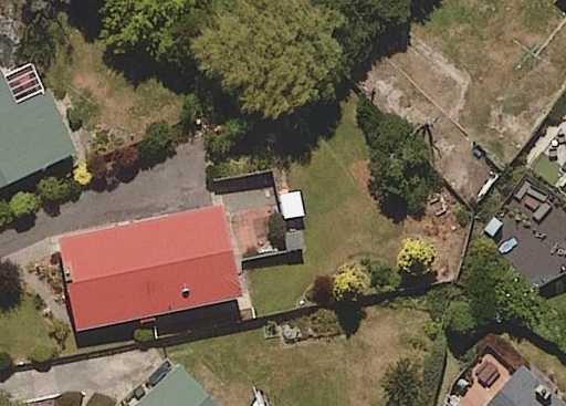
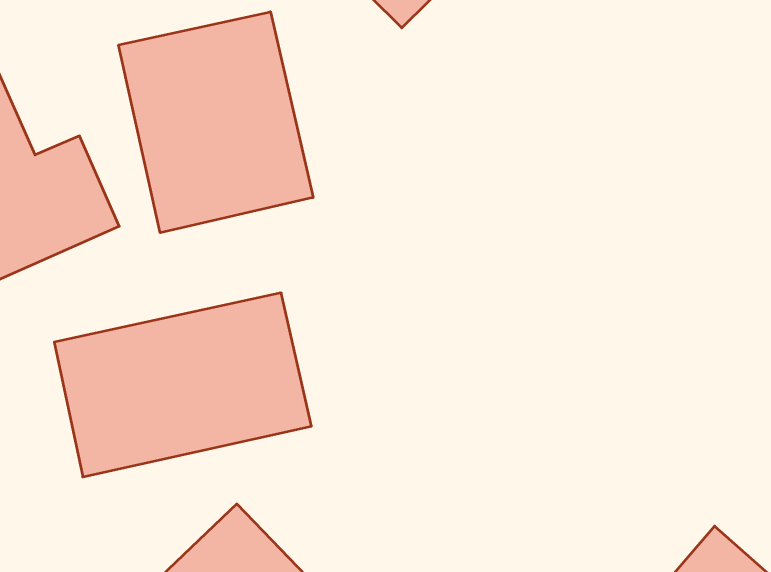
building: none -> [119,12,313,233]

